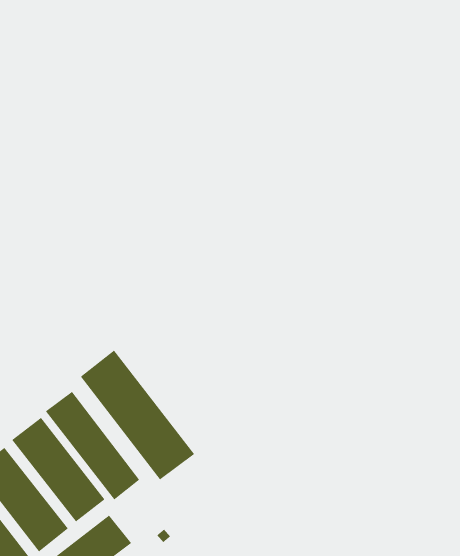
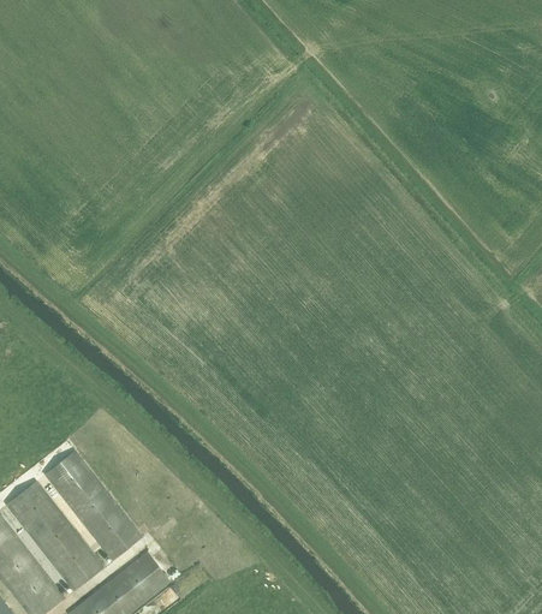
building: [80,350,195,481] -> none
building: [45,391,140,500] -> none

